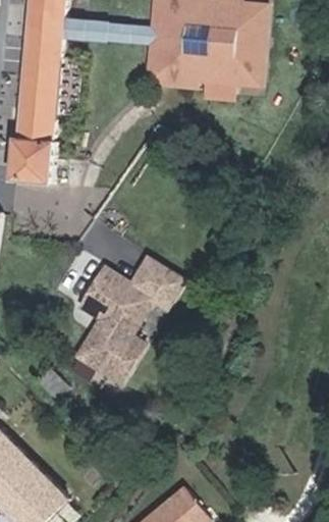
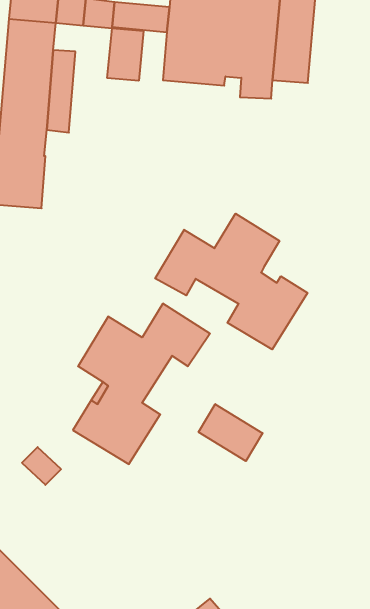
building: none -> [107,28,144,81]
building: none -> [155,214,307,349]
building: none -> [199,404,263,461]

